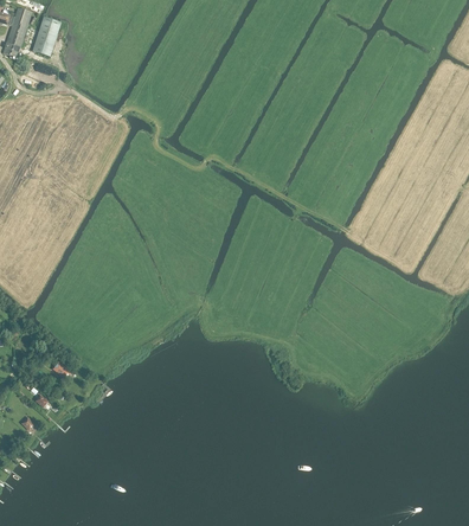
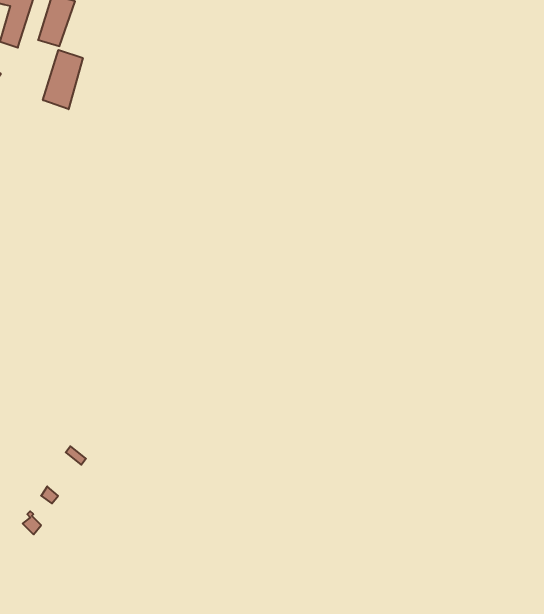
building: none -> [43,50,83,109]

